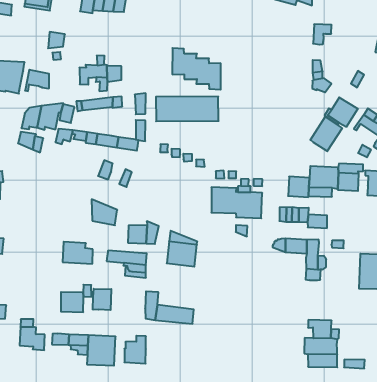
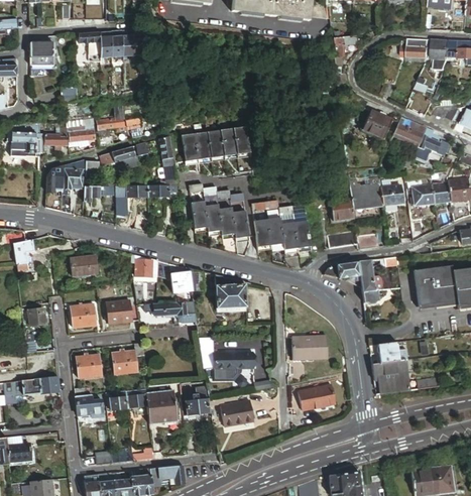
building: [172,48,221,90] -> [191,204,247,241]
building: none -> [67,124,96,145]
building: [310,117,342,151] -> none
building: none -> [71,255,99,276]
building: none -> [72,304,97,327]
building: [93,289,111,310] -> none
building: none -> [77,356,102,379]
building: none -> [293,336,329,359]
building: none -> [300,384,337,409]
building: none -> [221,400,255,426]

